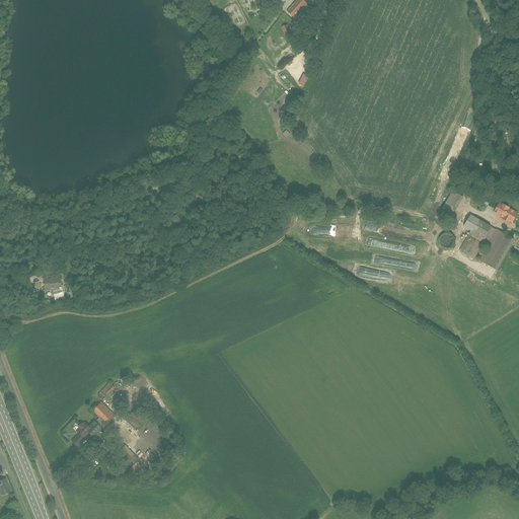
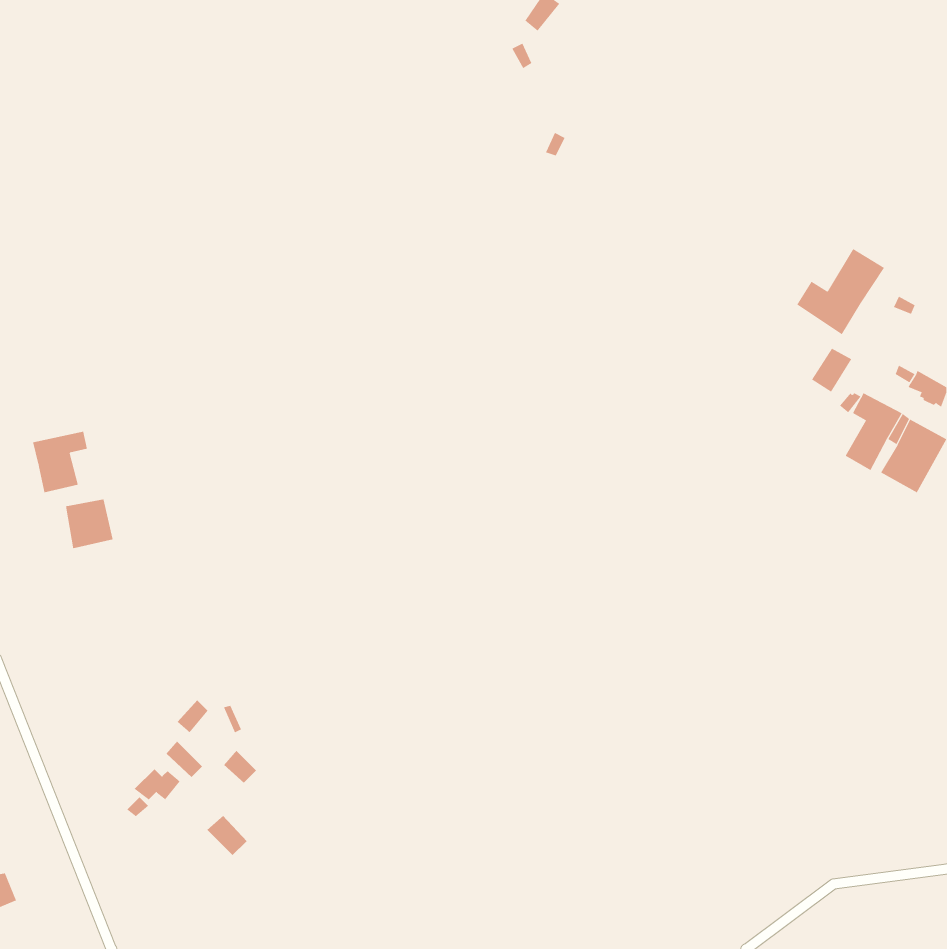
building: none -> [796,248,885,335]
building: none -> [32,431,87,493]

